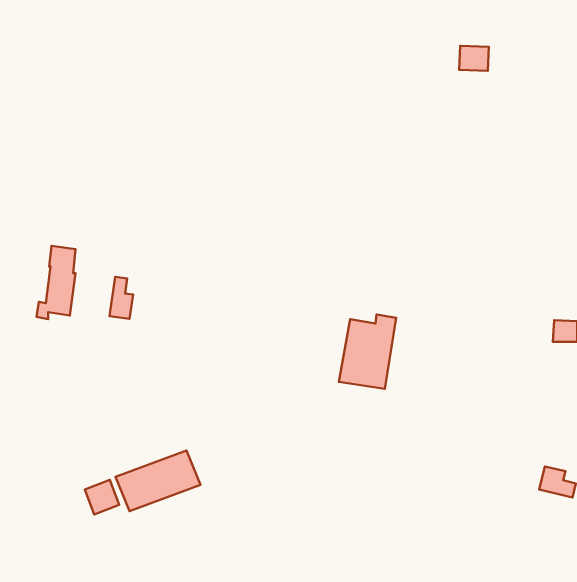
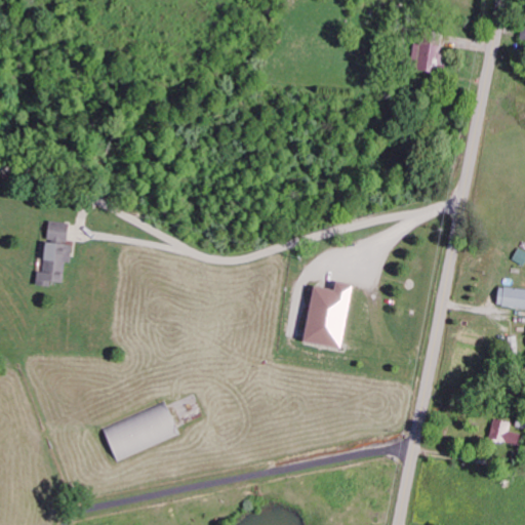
building: [109,277,133,319] -> none
building: [85,480,119,514] -> none

